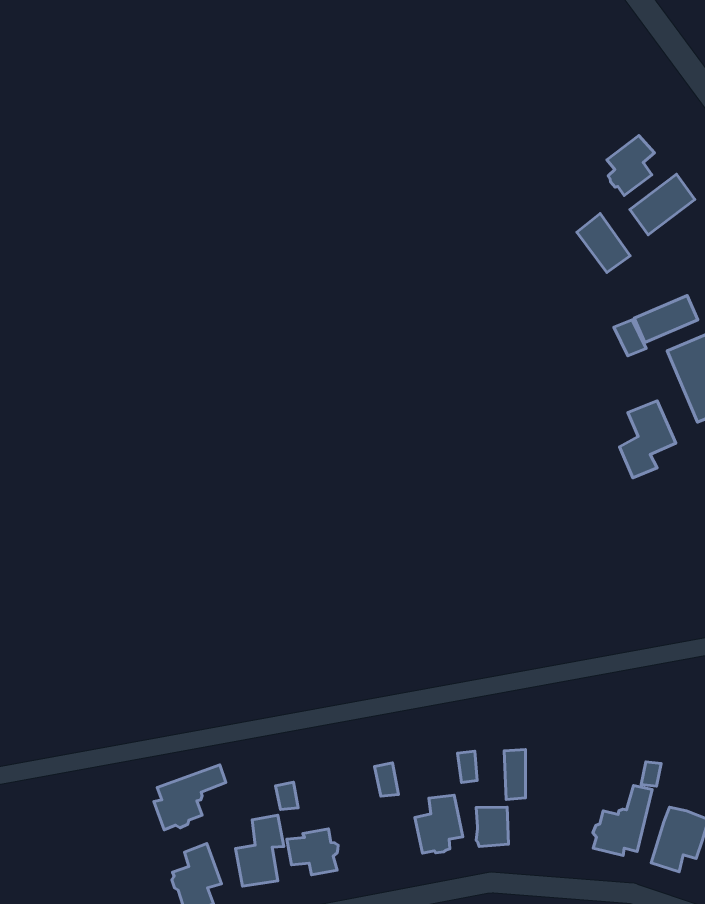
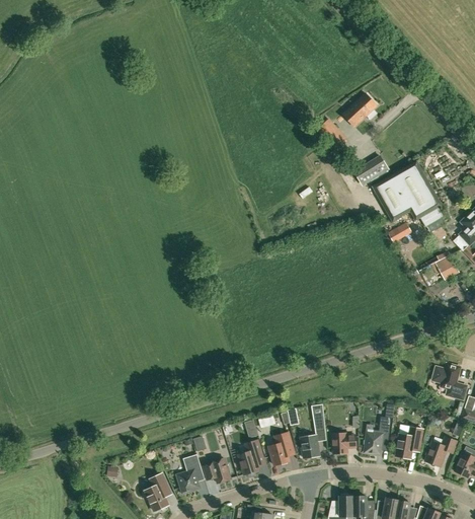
building: [607,136,654,195] -> none
building: [620,401,676,478] -> none
building: [154,765,226,830] -> none
building: none -> [238,440,265,476]
building: none -> [332,433,355,454]

